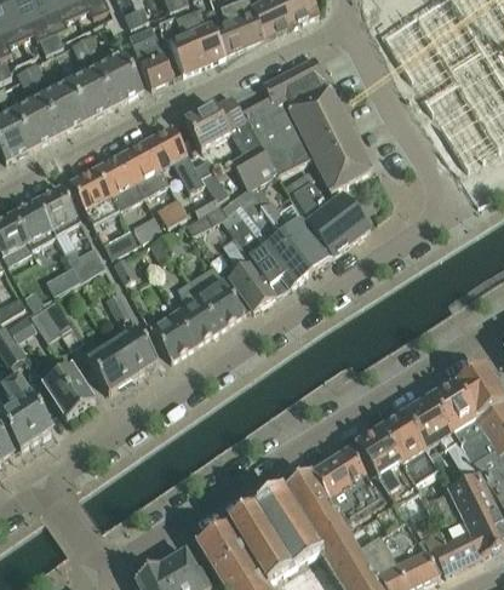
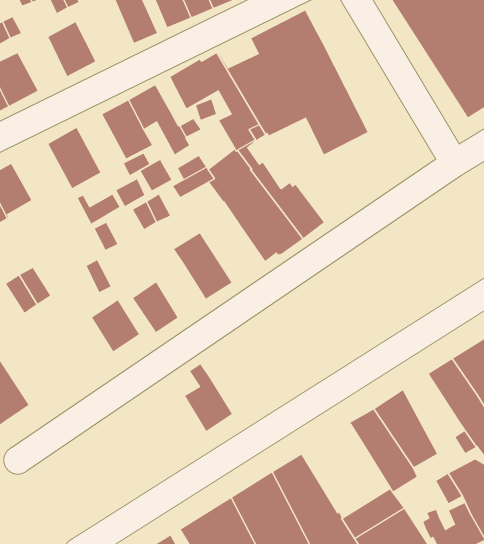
building: [96,52,143,103] -> none
building: [41,80,87,131] -> none
building: [97,153,143,208] -> none
building: [288,178,368,254] -> none
building: [35,185,80,234] -> none
building: [223,235,275,309] -> none
building: [64,245,104,280] -> none
building: [172,280,218,344] -> [184,364,233,432]
building: [87,344,131,391] -> none
building: [35,362,94,418] -> none
building: [405,397,456,451] -> none
building: [309,448,382,528] -> none

